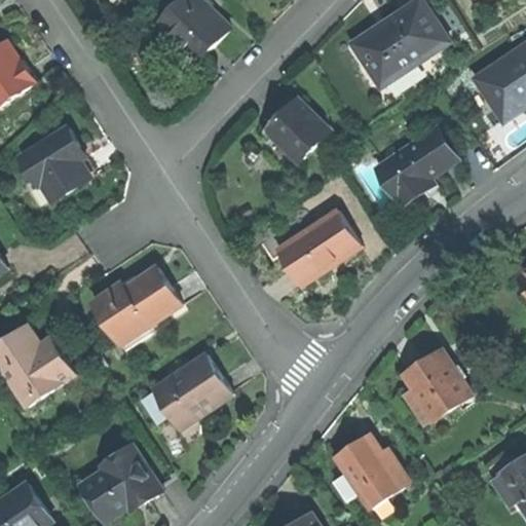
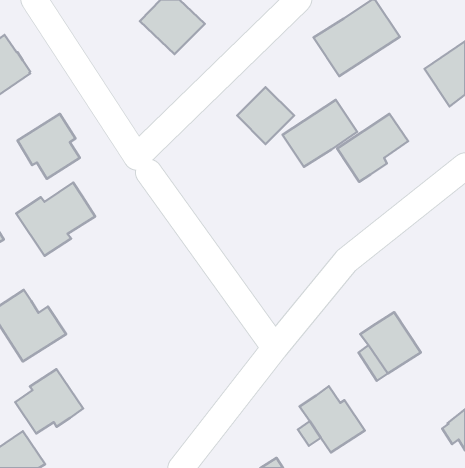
building: [276,210,360,285] -> [283,100,357,167]
building: [91,266,180,348] -> [16,182,95,256]
building: [152,353,231,428] -> none
building: [82,445,158,517] -> [15,369,83,433]

